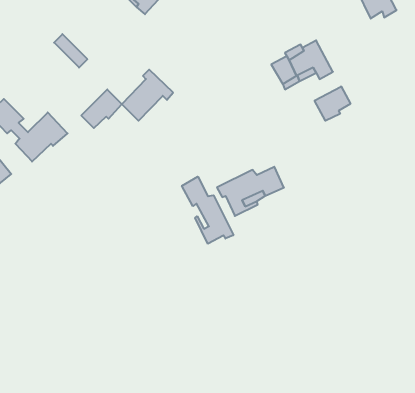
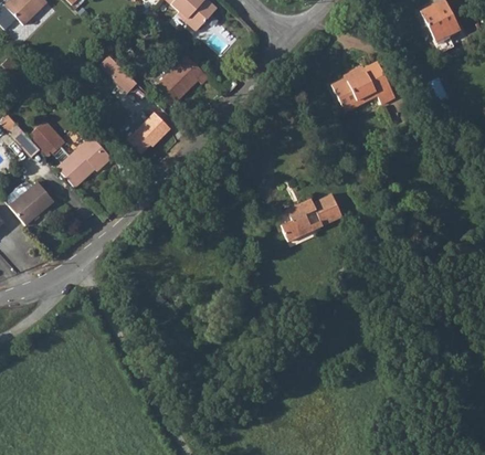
building: [122,70,173,121] -> [156,51,210,105]
building: [315,86,350,121] -> none
building: [182,177,233,244] -> none

